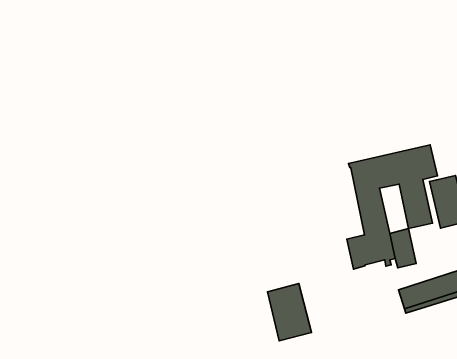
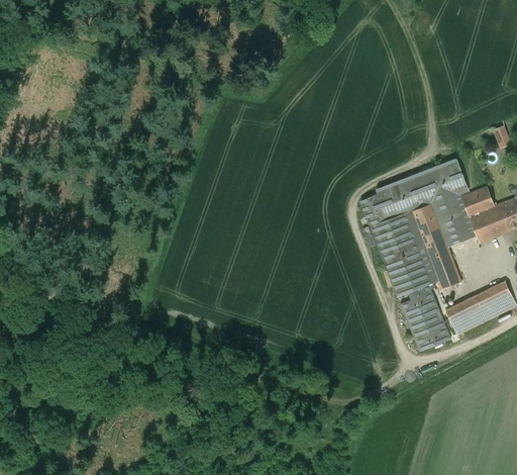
building: none -> [360,194,404,267]
building: none -> [412,203,447,255]
building: [268,284,312,341] -> [401,290,451,351]

